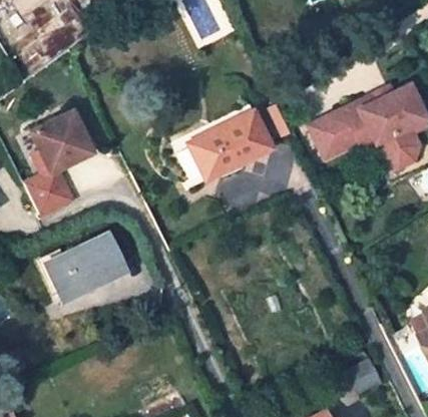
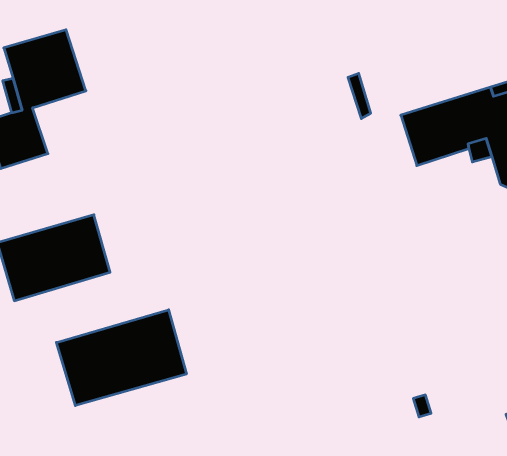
building: [177,112,274,186] -> none
building: none -> [56,310,186,406]

